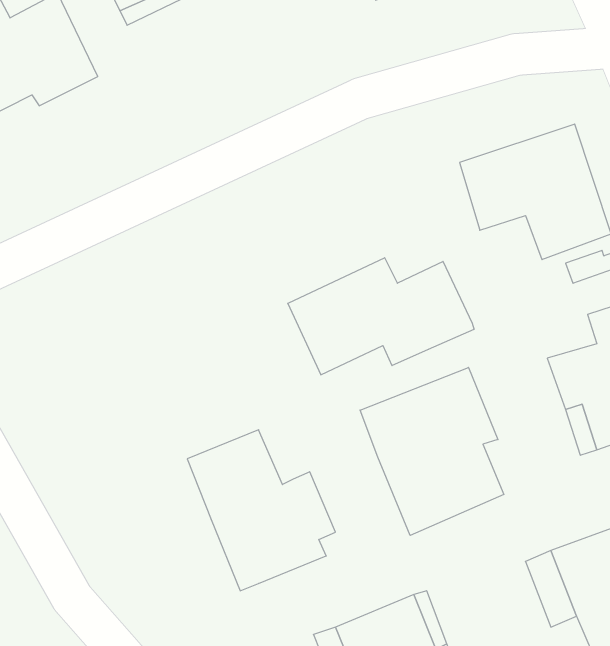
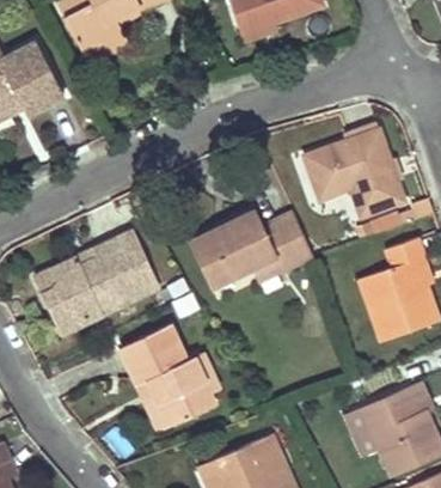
building: none -> [32,231,157,331]
building: [360,367,504,535] -> none

